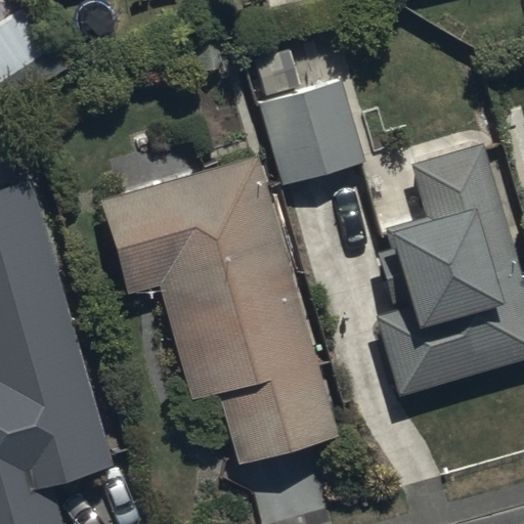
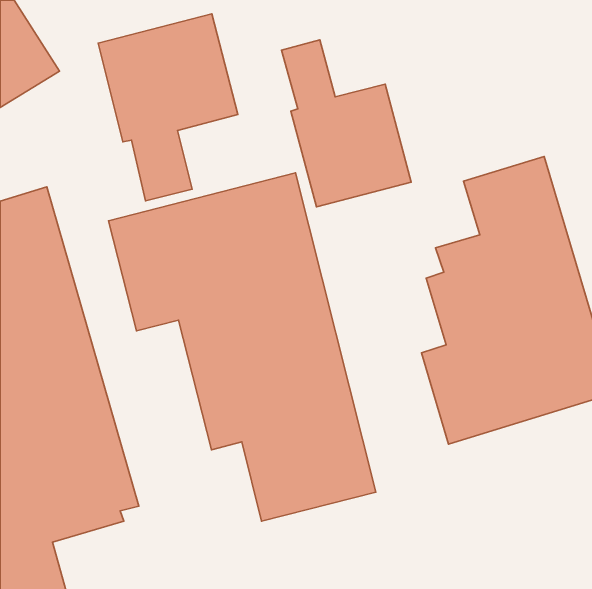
building: none -> [98,14,238,201]

